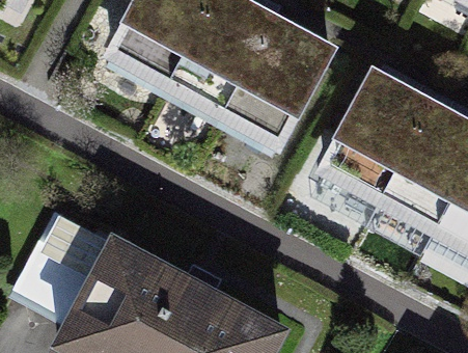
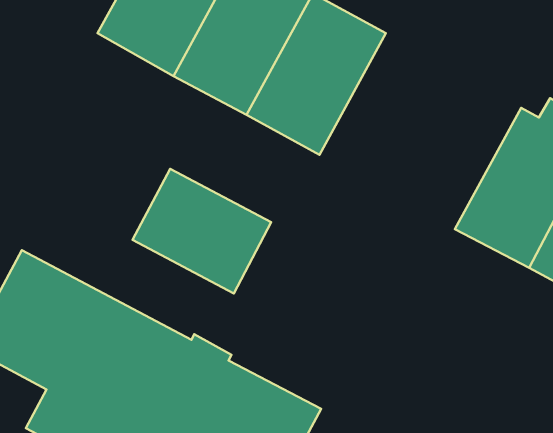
building: [325,57,432,194] -> none
building: none -> [133,169,271,293]

